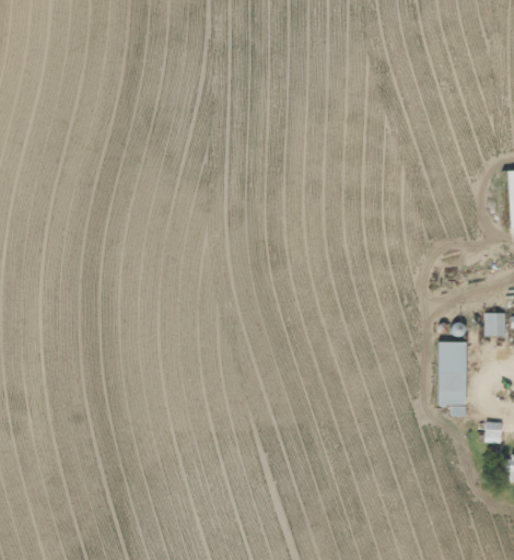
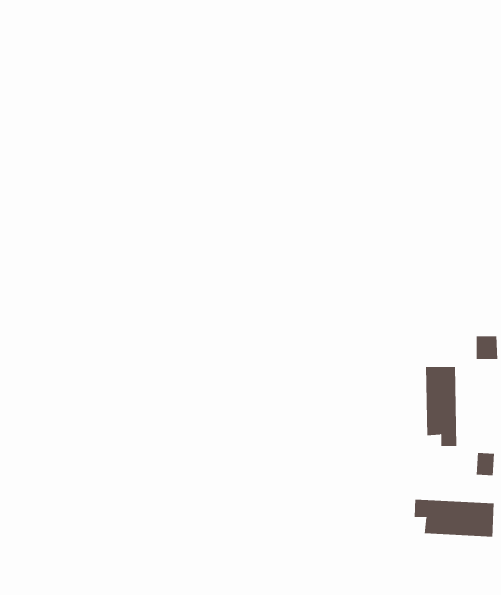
building: none -> [414,499,494,538]

